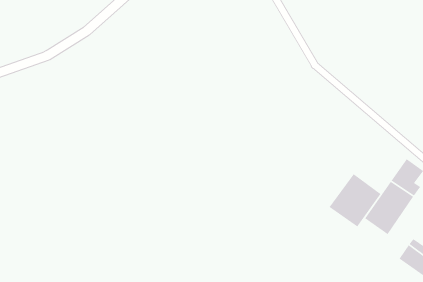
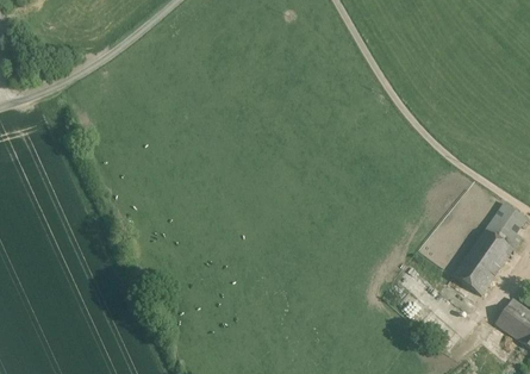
building: [329,173,381,228] -> none

